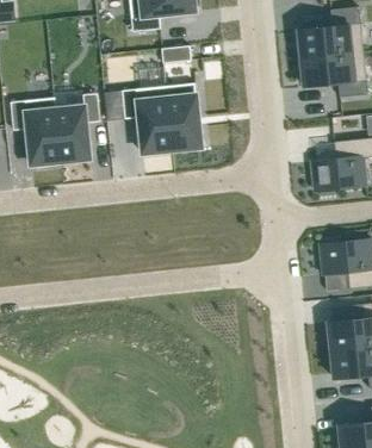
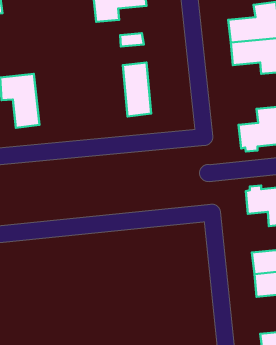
building: [120,87,170,154] -> none
building: [52,93,99,162] -> none

